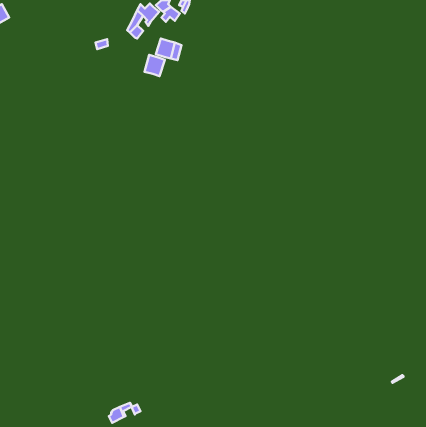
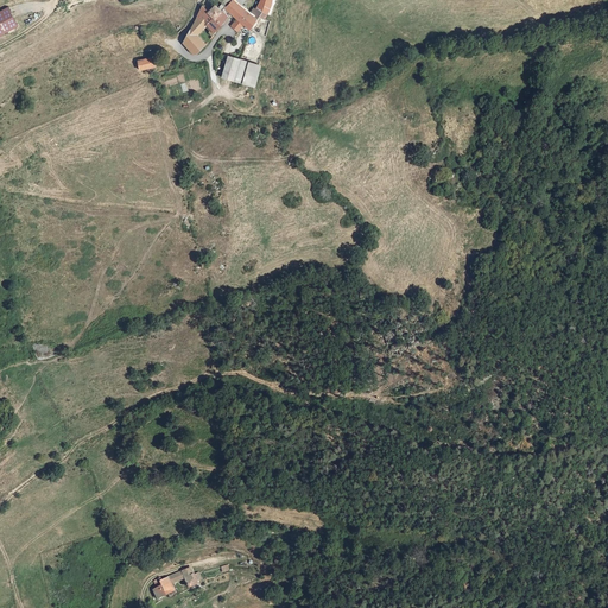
building: [145,55,165,76] -> none

